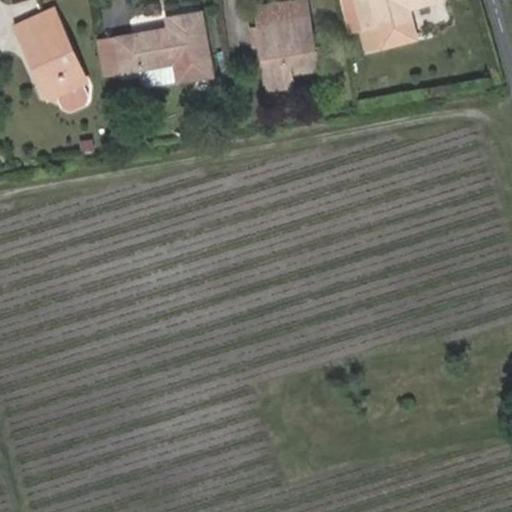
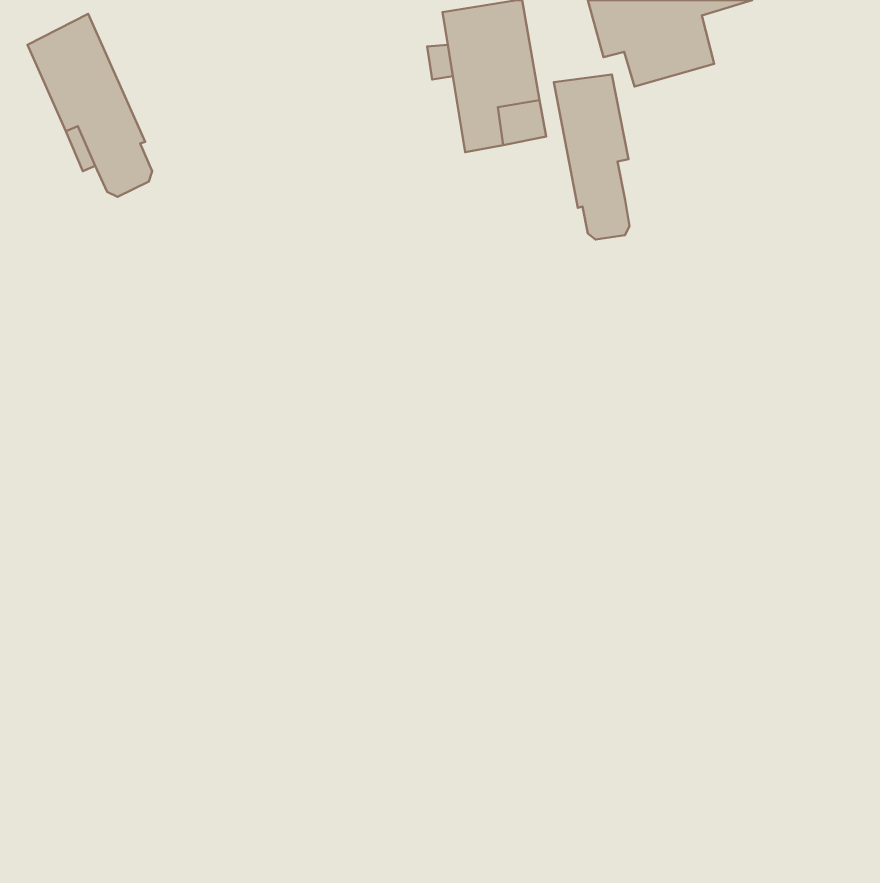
building: [115,11,211,80] -> none
building: none -> [554,75,630,239]

